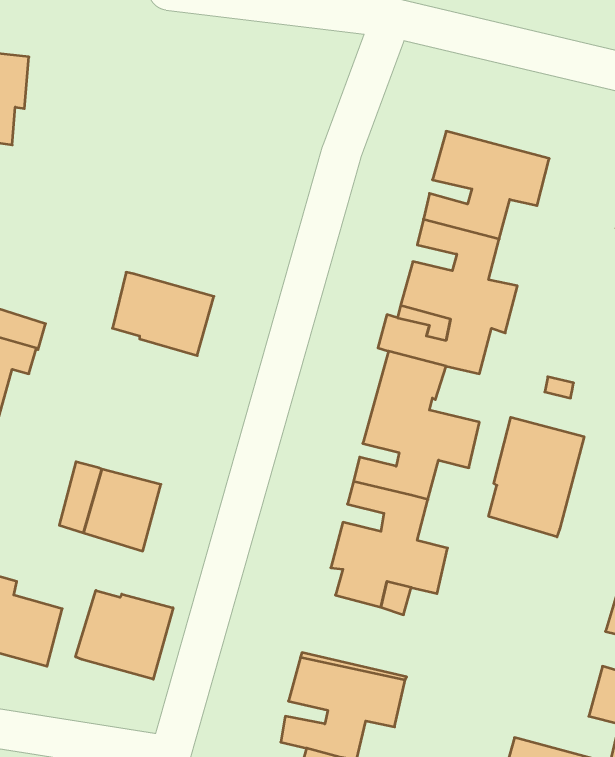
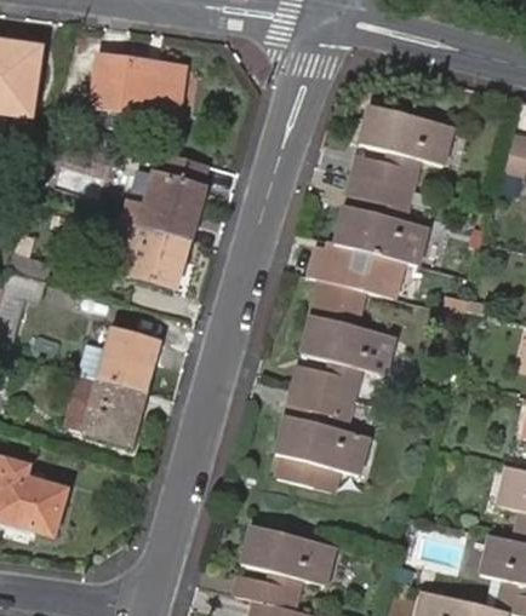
building: none -> [93,54,182,115]
building: none -> [121,150,202,238]
building: none -> [93,324,156,388]
building: [489,417,584,537] -> none
building: [76,590,173,679] -> none

